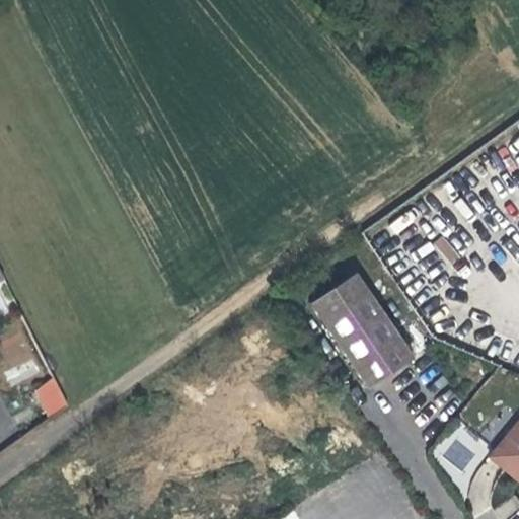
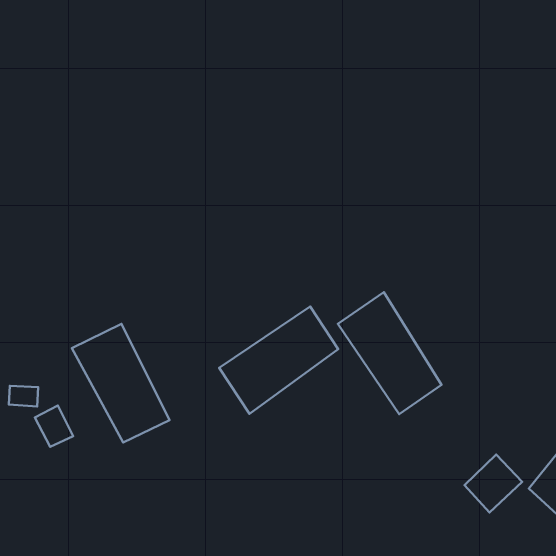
building: none -> [219,307,338,414]
building: none -> [72,324,169,443]

